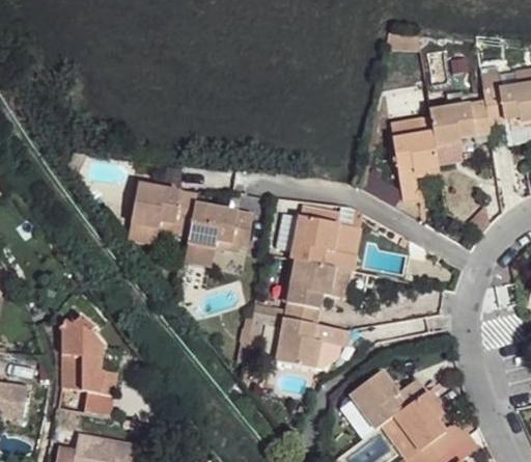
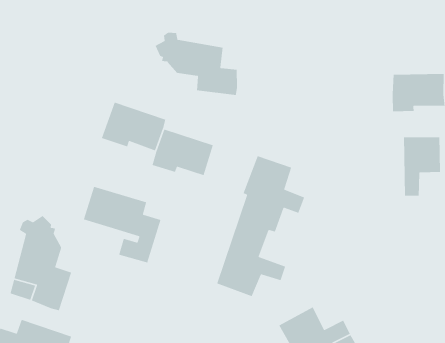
building: none -> [154,32,238,96]
building: [393,131,439,200] -> [403,136,441,196]
building: none -> [83,186,161,264]

